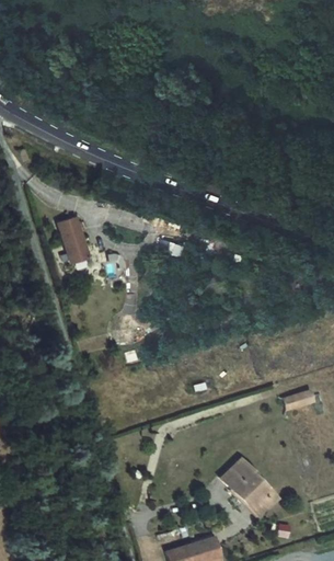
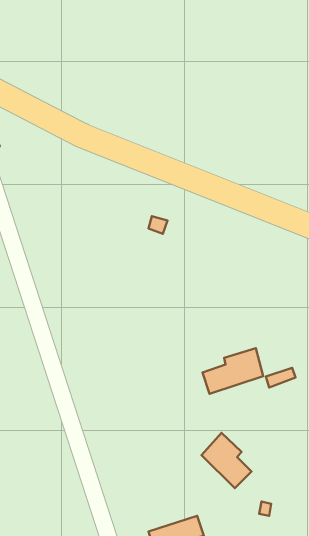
building: [56,222,80,256] -> none
building: none -> [202,348,263,394]

